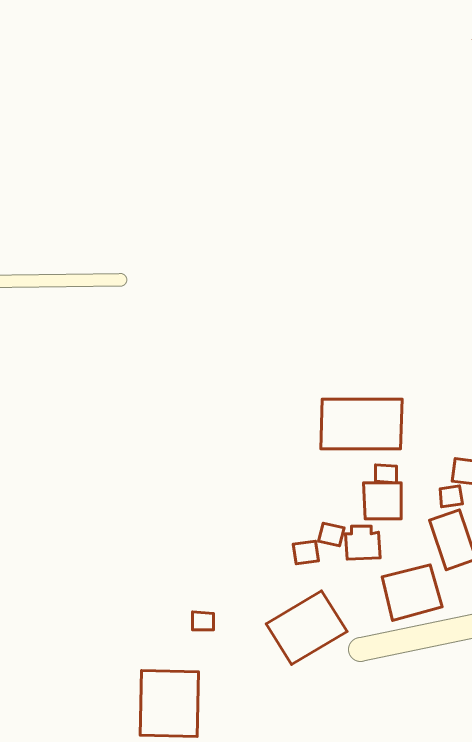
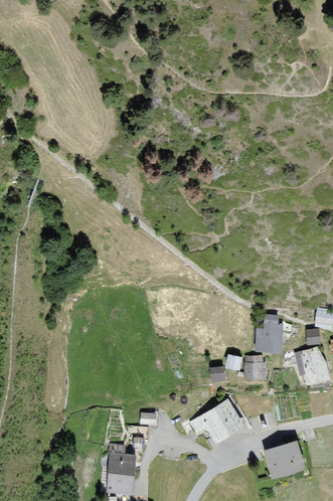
building: [321,399,402,449] -> none
building: [382,565,442,620] -> [266,442,306,479]

